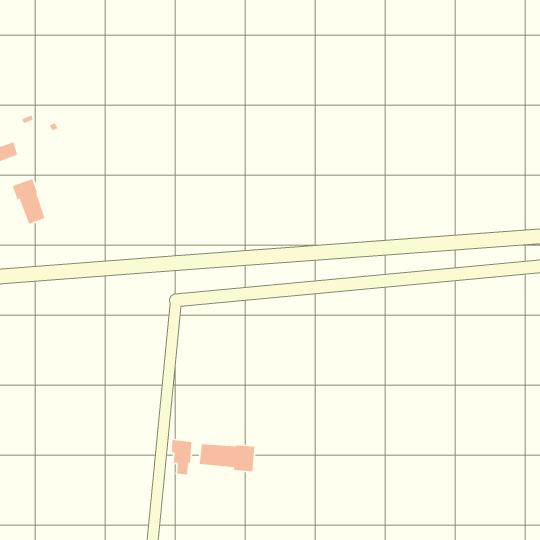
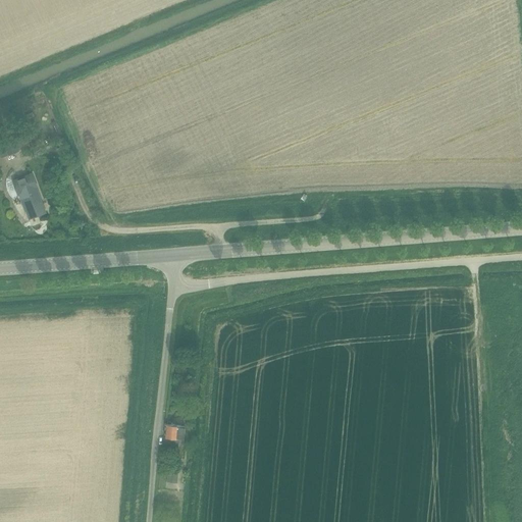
building: [199,444,255,472] -> none

